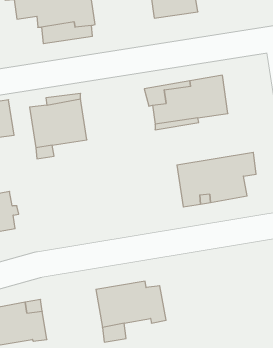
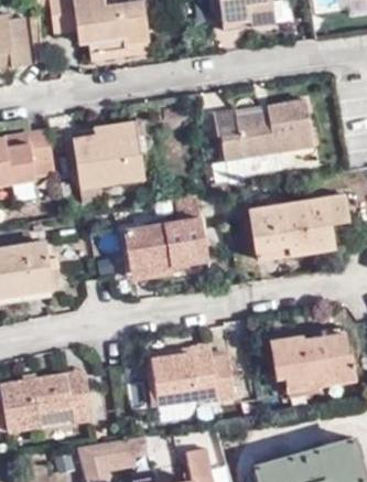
building: none -> [126,196,207,279]
building: none -> [272,328,357,392]

